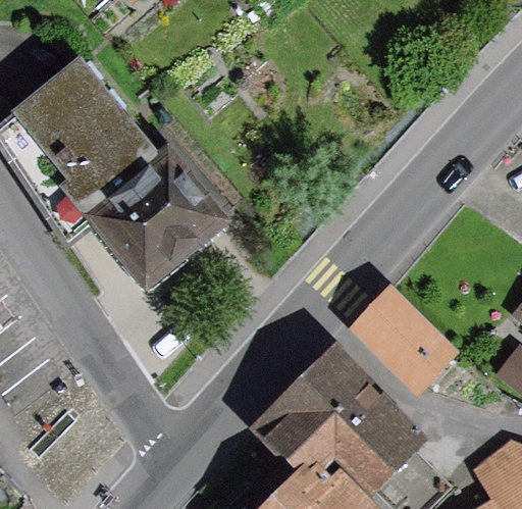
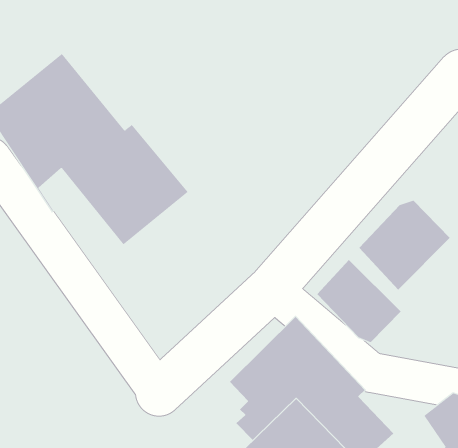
building: none -> [358,200,451,290]

